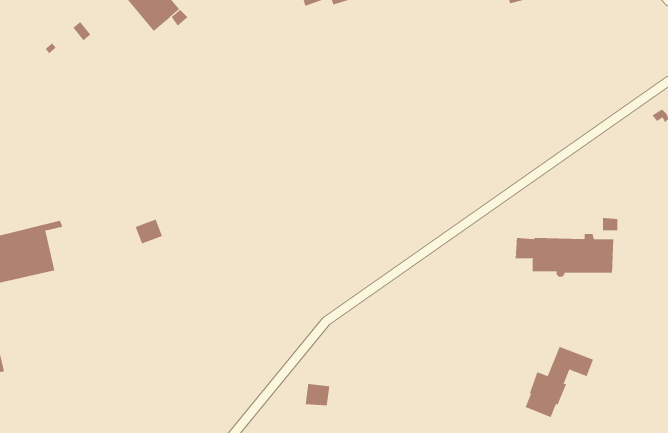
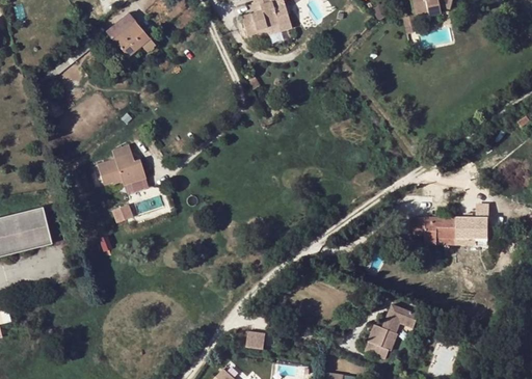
building: none -> [97,144,147,185]
building: [525,346,594,418] -> [365,304,419,360]

